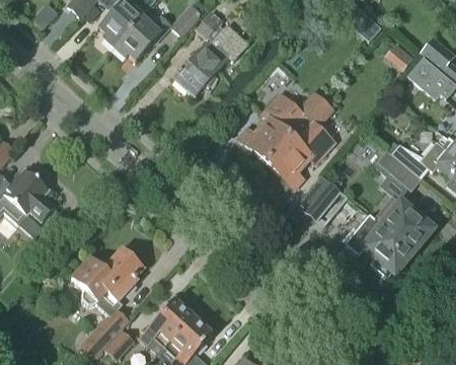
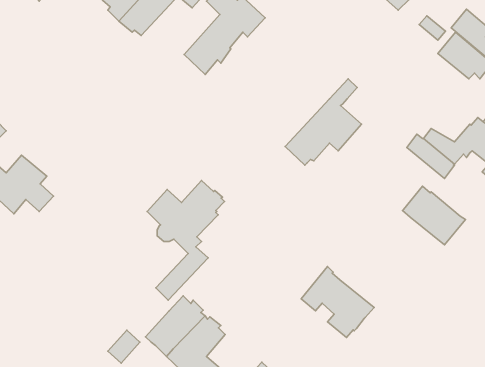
building: [239,91,324,161] -> none
building: [296,175,340,221] -> none
building: [346,214,412,279] -> [301,267,374,337]
building: [72,248,143,358] -> [147,181,225,300]

